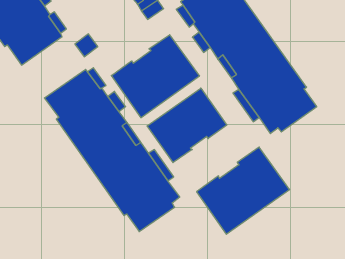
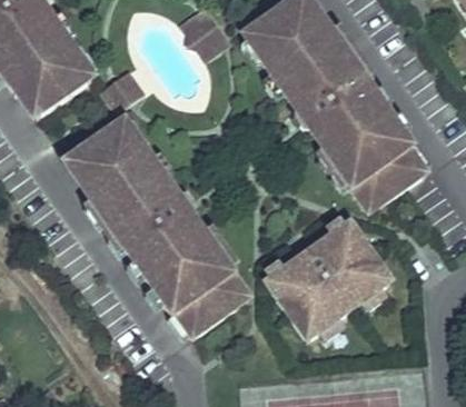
building: [111,35,199,118] -> none
building: [147,88,227,163] -> none

